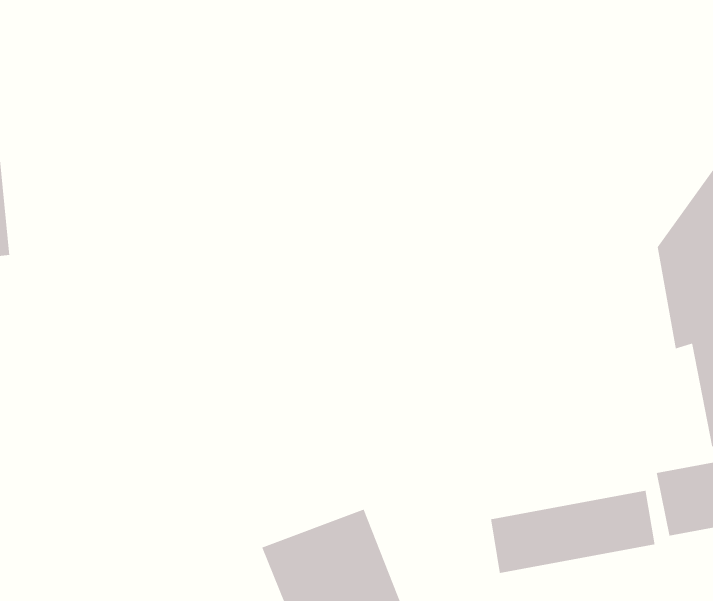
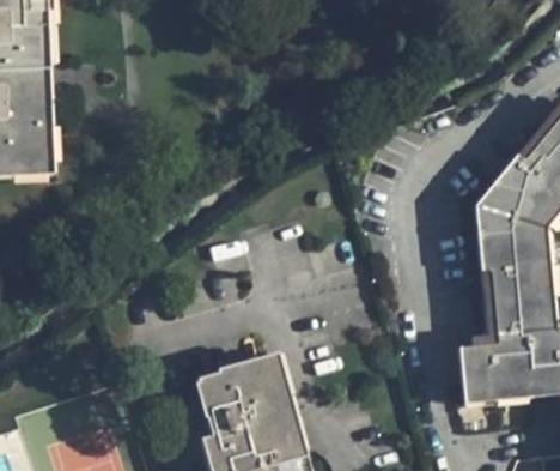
building: [490,490,655,574] -> none

